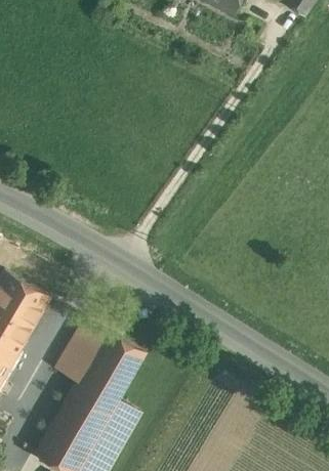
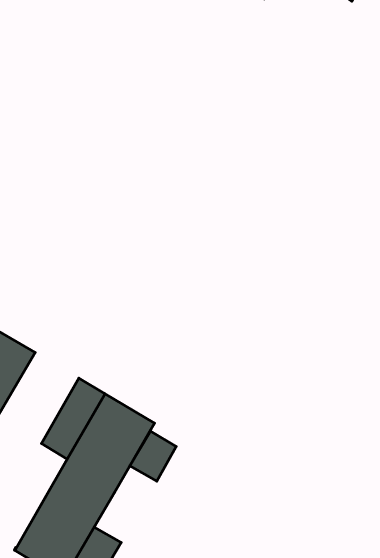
building: [97,409,134,448] -> [130,431,176,481]

